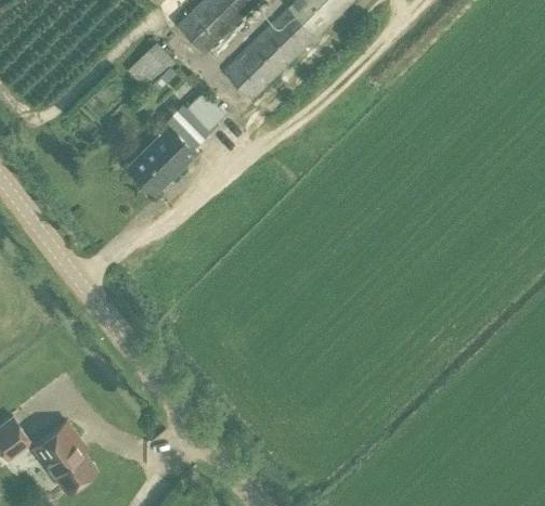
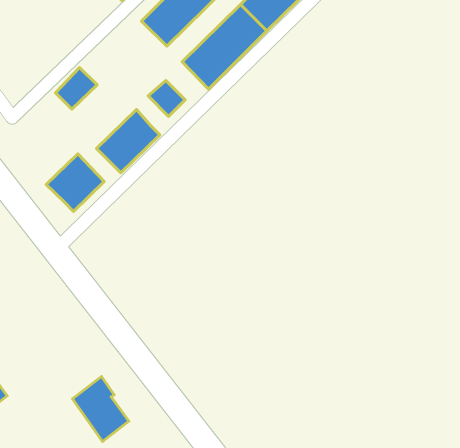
building: [129,42,176,89] -> [55,67,97,109]
building: none -> [46,154,104,211]
building: [30,421,93,494] -> [72,376,129,442]

